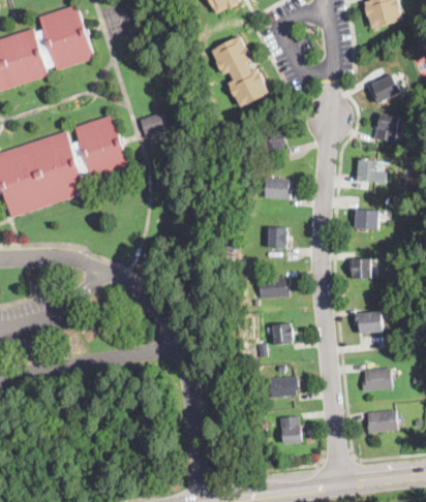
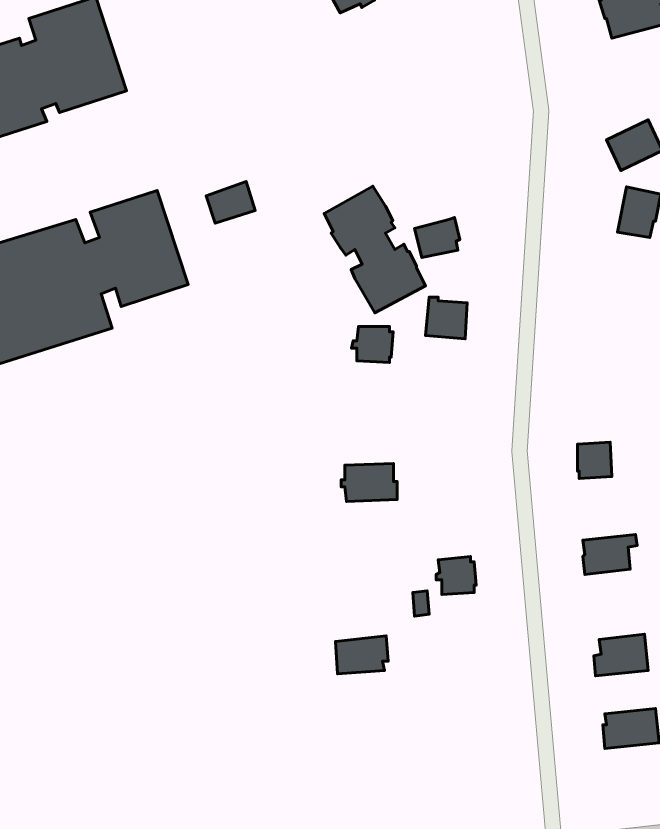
building: [211,35,269,107] -> [324,186,425,313]
building: [356,159,377,182] -> none
building: [352,209,378,229] -> none
building: [265,227,288,248] -> [351,326,393,363]
building: [256,277,288,299] -> [341,463,397,501]
building: [269,376,299,398] -> [336,636,388,674]
building: [280,416,301,443] -> none

